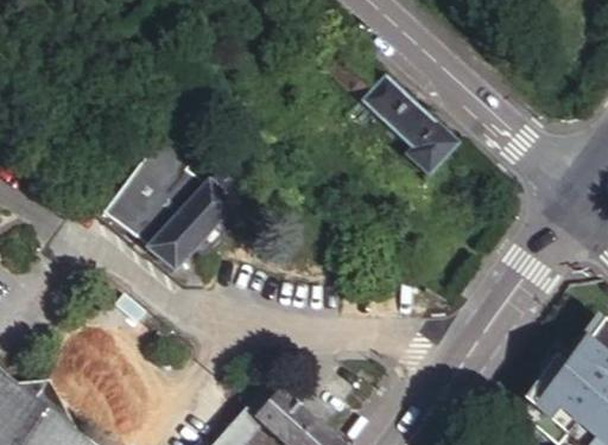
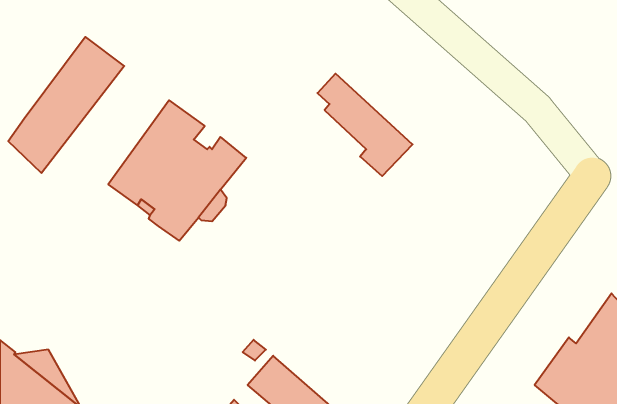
building: none -> [8,37,124,173]
building: [366,75,458,174] -> [317,74,413,176]

